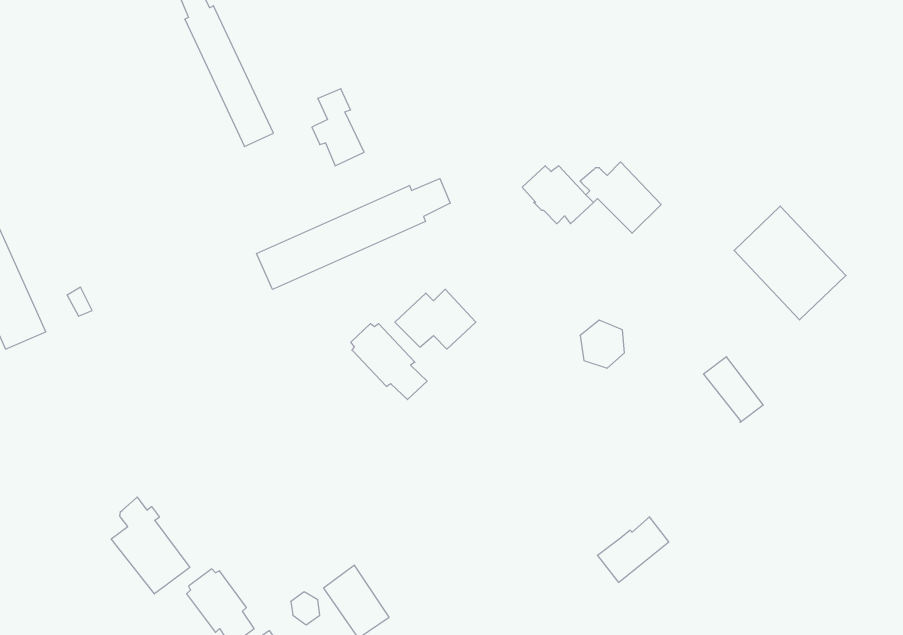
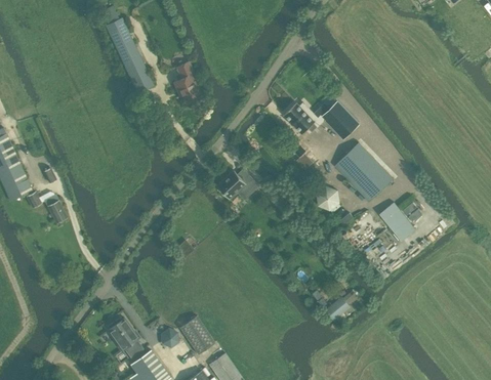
building: [257,179,450,289] -> none
building: [734,206,846,320] -> [334,141,394,202]
building: [351,324,427,400] -> none
building: none -> [26,191,67,222]
building: [111,497,190,594] -> none

